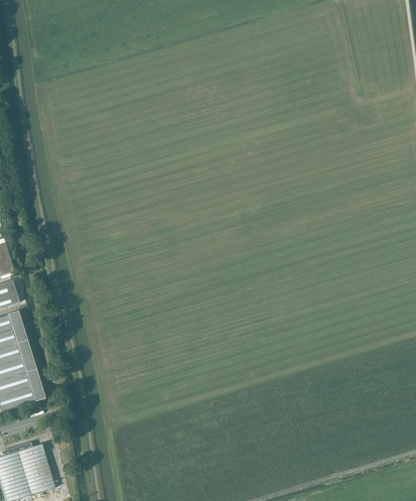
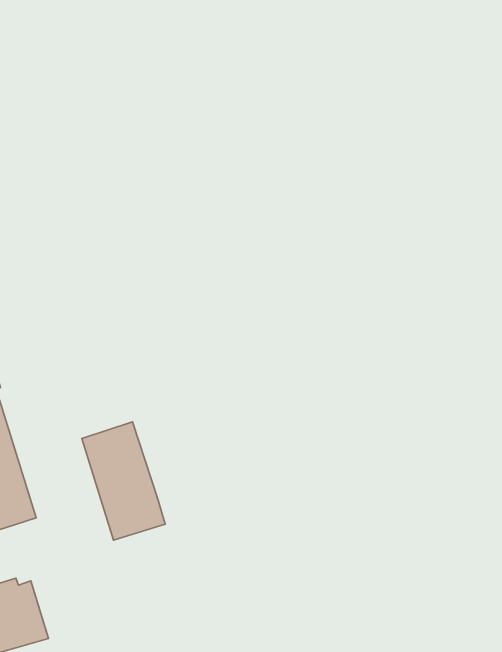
building: none -> [82,422,165,540]

